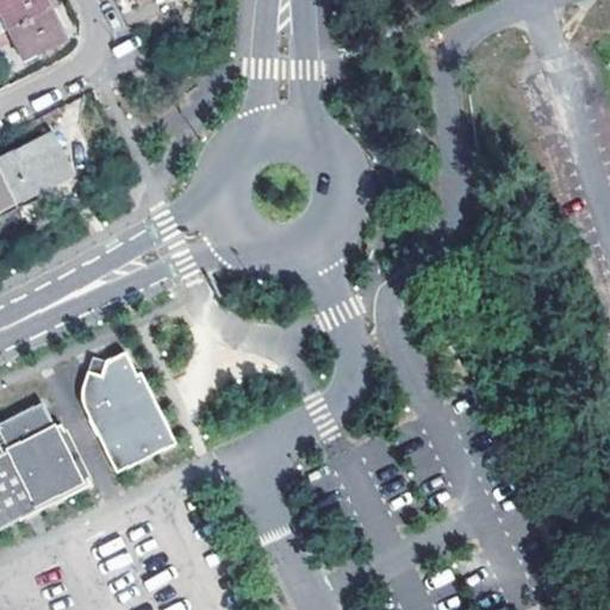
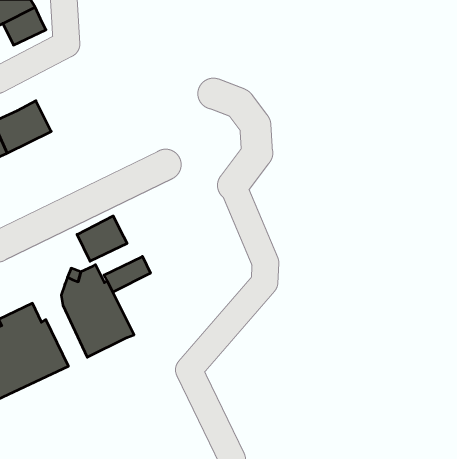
building: none -> [77,216,127,261]
building: none -> [104,256,150,292]

